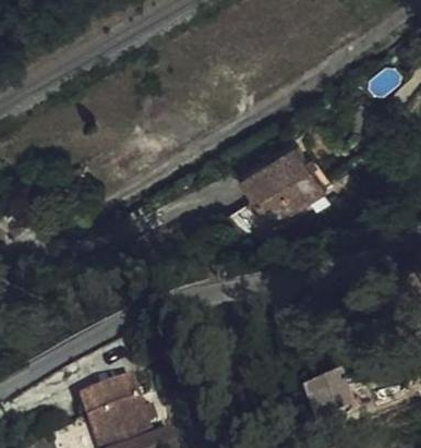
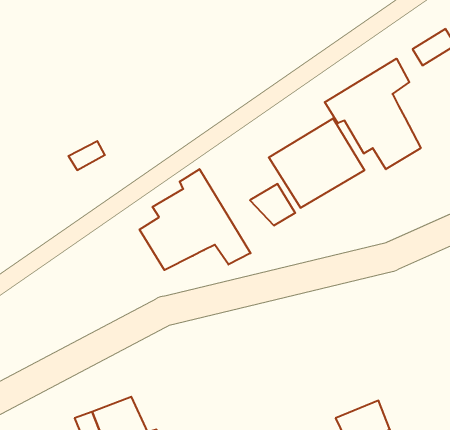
building: none -> [325,59,421,169]
building: none -> [140,169,251,270]

